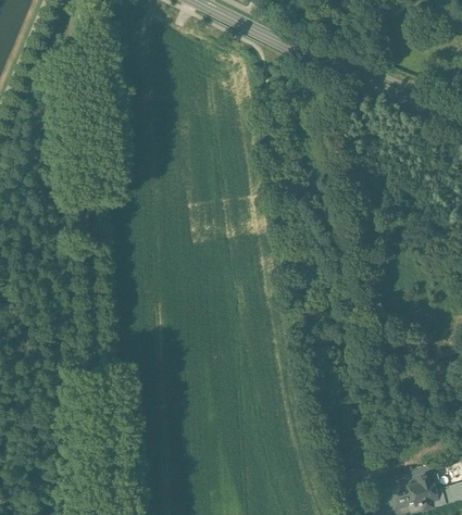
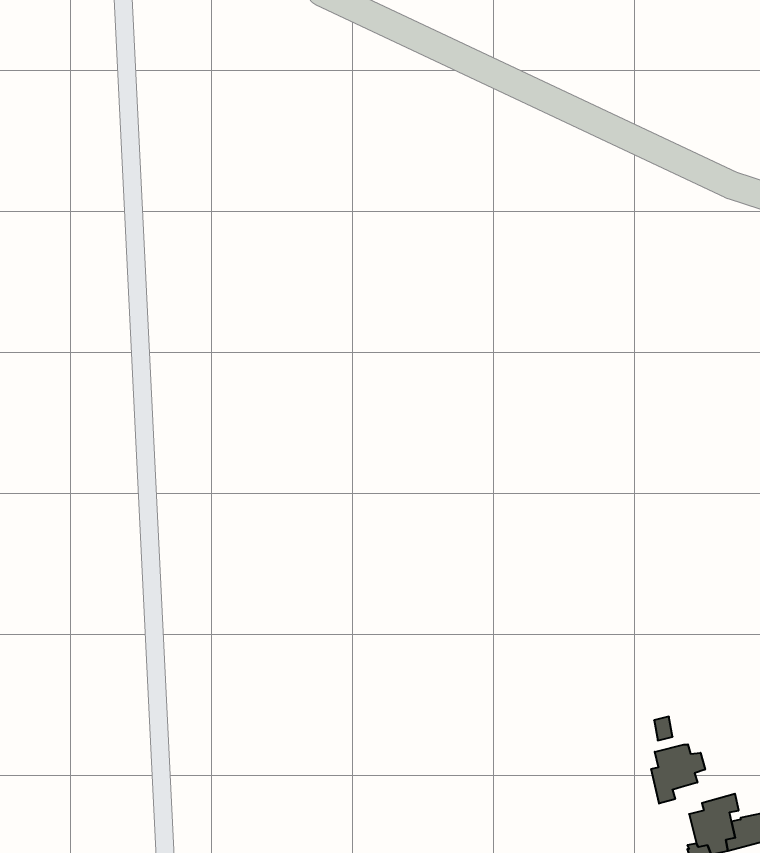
building: none -> [651,744,705,804]

